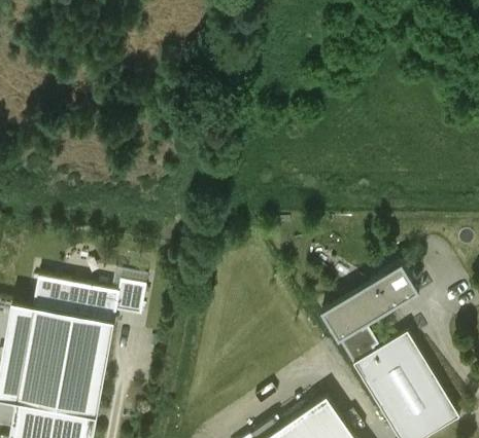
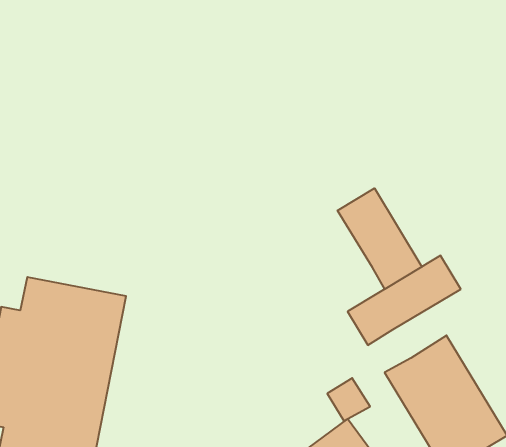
building: none -> [338,188,422,289]
building: [336,325,373,362] -> [327,378,370,421]

